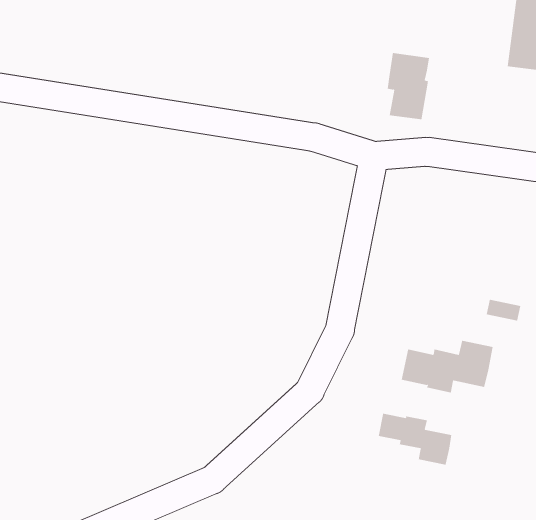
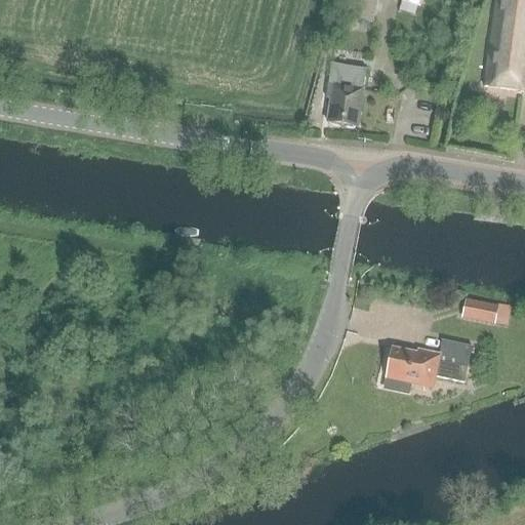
building: [387,52,430,120] -> [327,62,367,124]
building: [378,413,452,466] -> none

